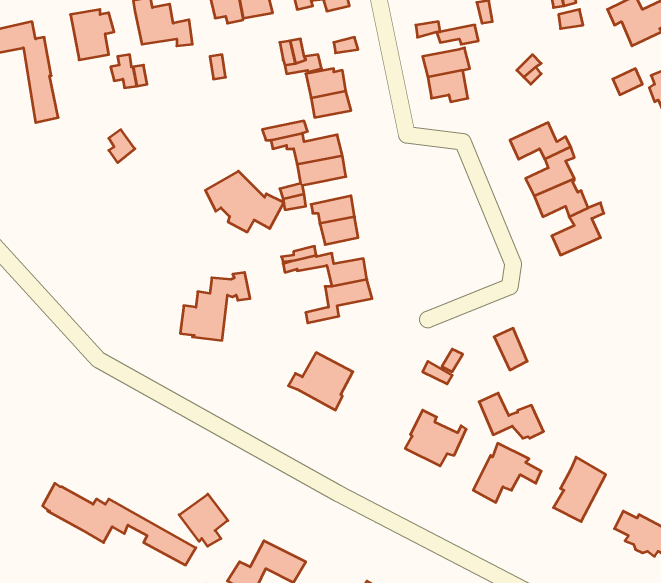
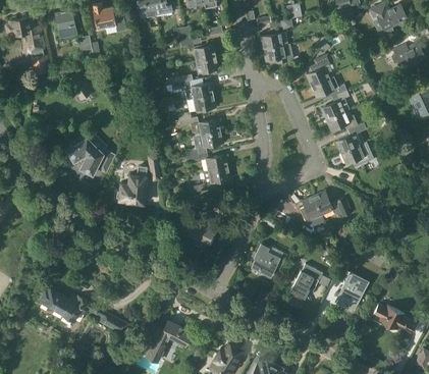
building: none -> [307,55,334,87]
building: [205,171,284,232] -> [67,139,113,174]
building: none -> [341,143,374,165]
building: [479,393,544,438] -> [314,192,352,218]
building: [179,494,228,546] -> none

